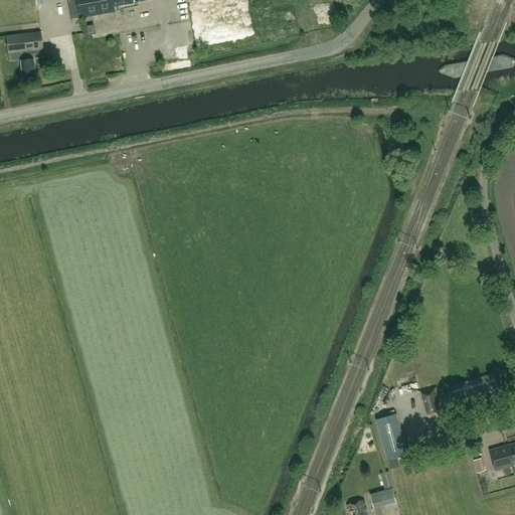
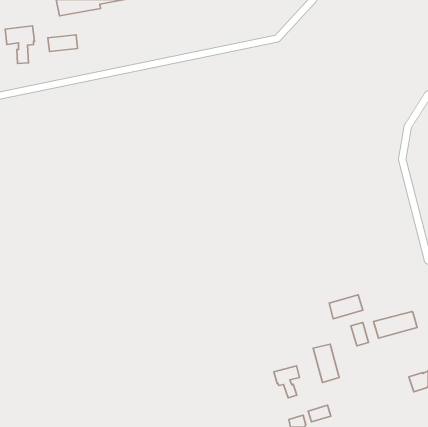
building: none -> [48,35,77,51]
building: none -> [329,295,363,319]
building: none -> [274,366,300,398]

